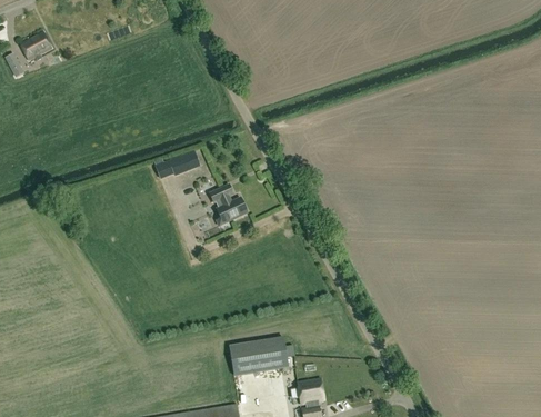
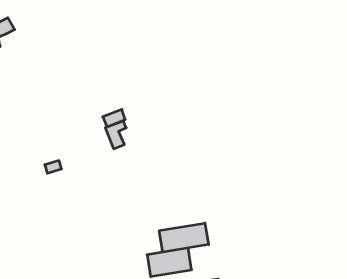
building: [210,182,249,218] -> none
building: none -> [159,223,209,252]

